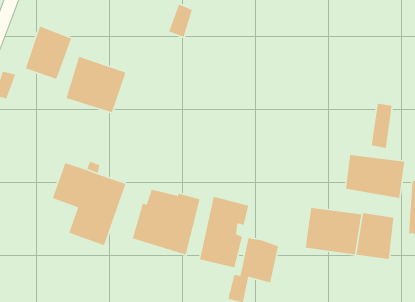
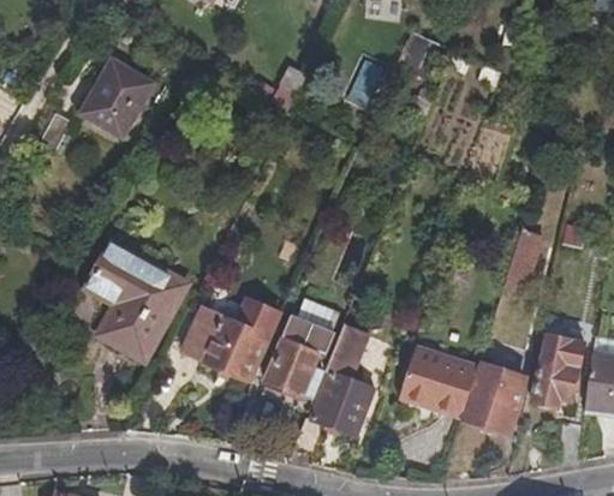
building: [66,56,127,113] -> none
building: [345,154,405,199] -> none
building: none -> [323,328,364,380]

